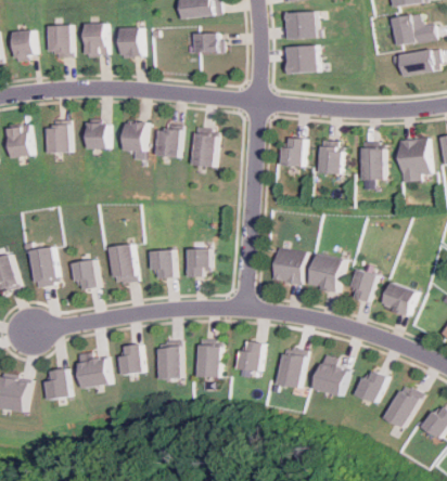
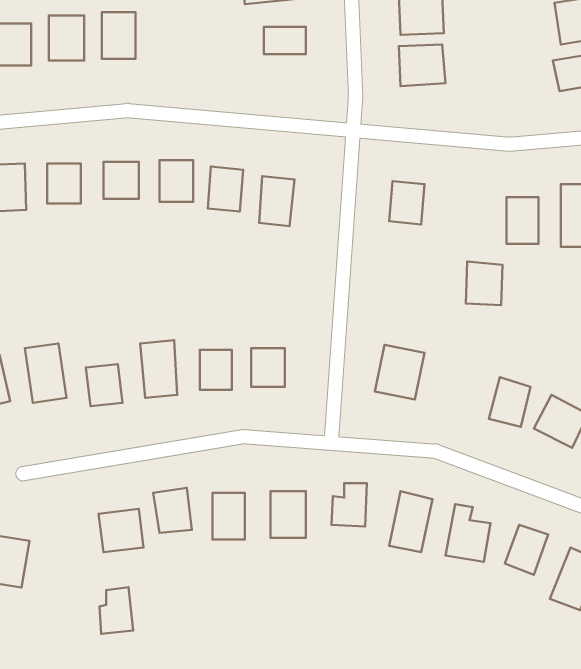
building: [119,27,142,55] -> none
building: [315,144,340,173] -> [466,262,503,305]
building: [304,252,339,291] -> none
building: [50,367,73,399] -> [100,587,133,634]

